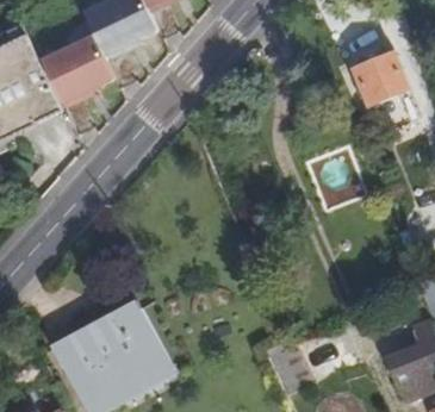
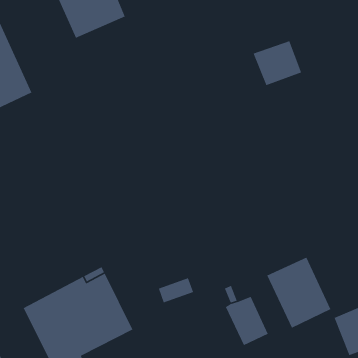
building: [44,33,116,101] -> none
building: [353,54,406,104] -> [253,40,302,86]
building: none -> [266,257,331,329]

